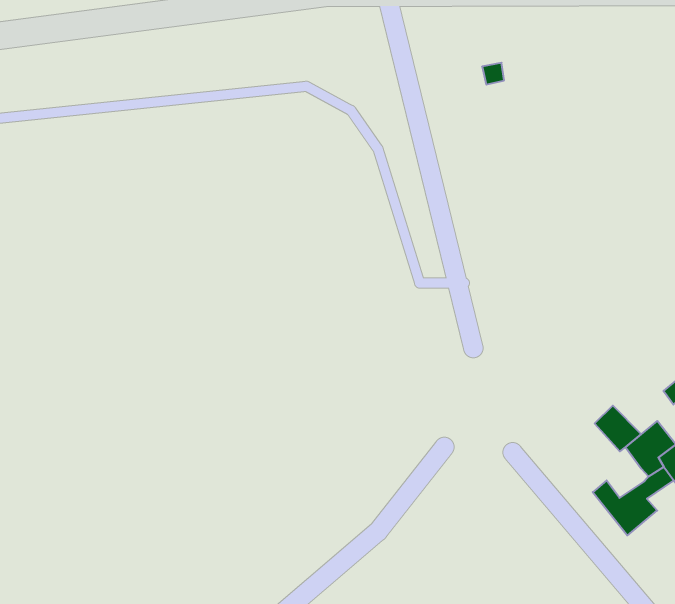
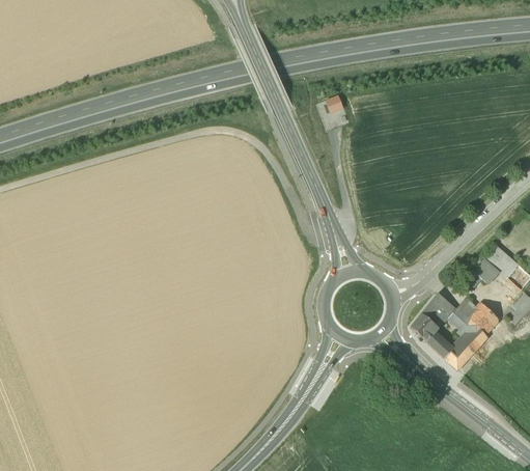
building: none -> [411,305,446,347]

